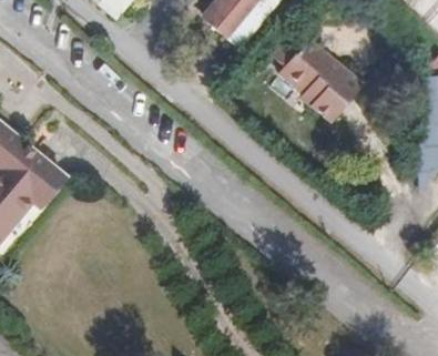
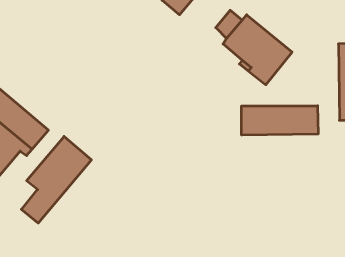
building: none -> [242,106,318,135]
building: none -> [21,136,91,223]

